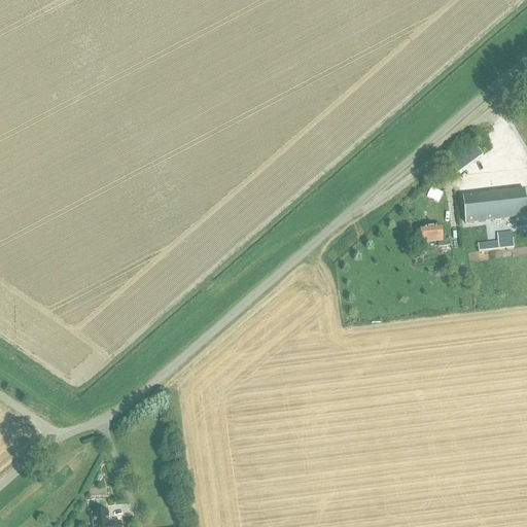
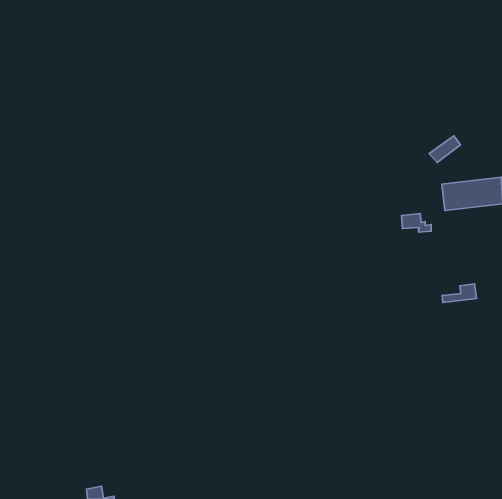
building: [479,229,515,248] -> [442,284,476,302]

